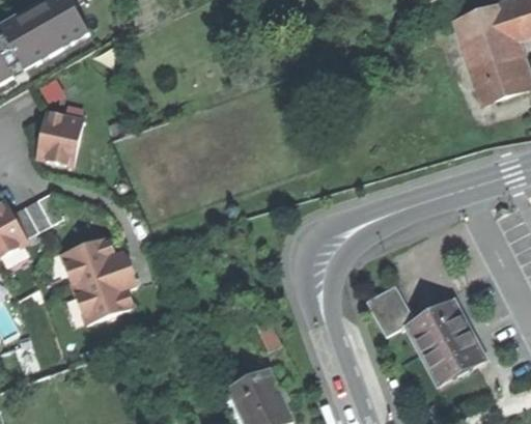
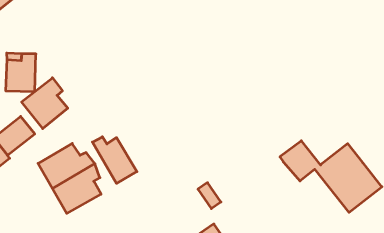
building: none -> [22,78,68,129]
building: none -> [92,137,137,183]

